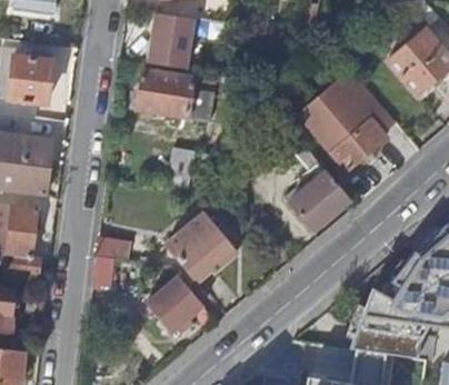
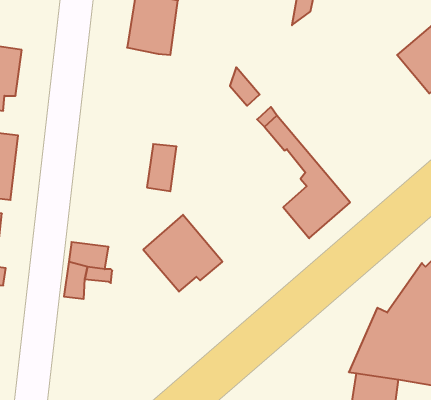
building: [139,68,193,115] -> none
building: [300,69,395,169] -> none
building: [146,275,203,330] -> none

